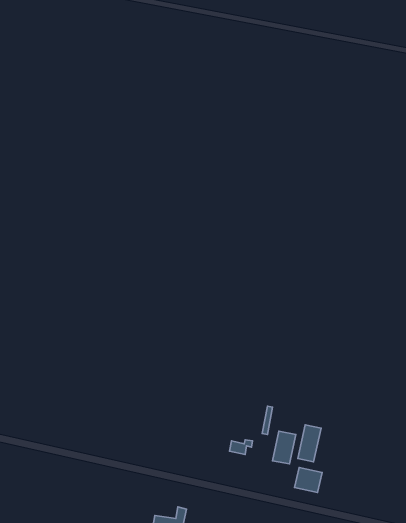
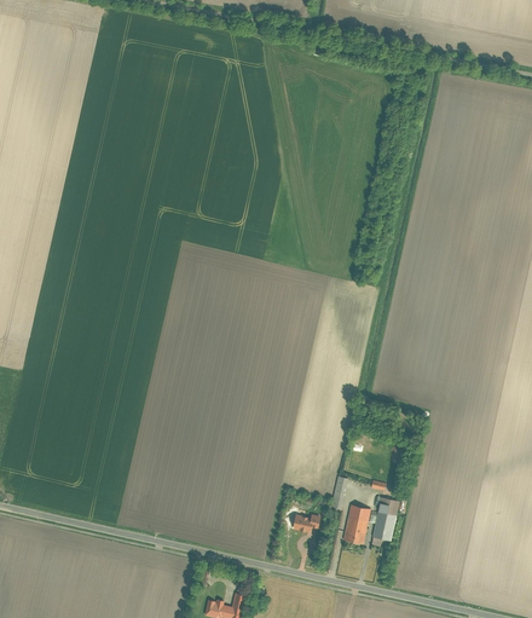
building: [295,467,322,492] -> none

